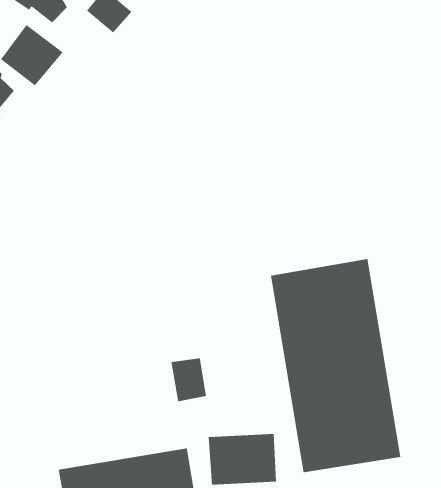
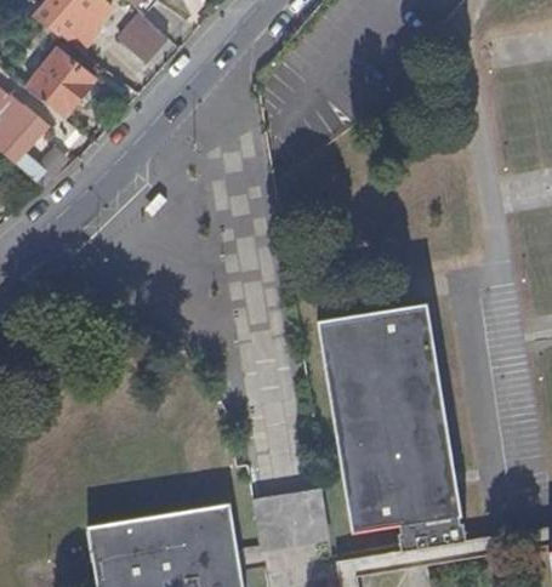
building: [171,357,207,402] -> none

